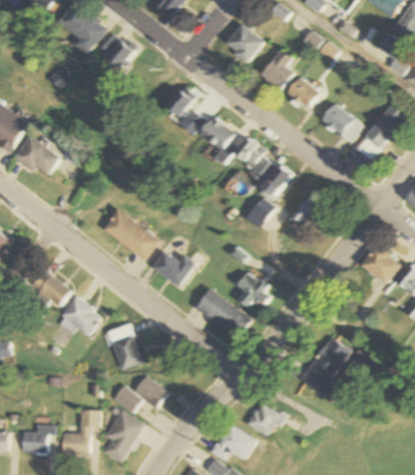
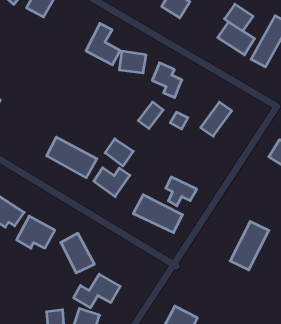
building: [287,76,321,109] -> [224,4,253,31]
building: [261,165,291,196] -> [138,102,163,129]
building: none -> [105,139,133,166]
building: [247,402,282,437] -> none

